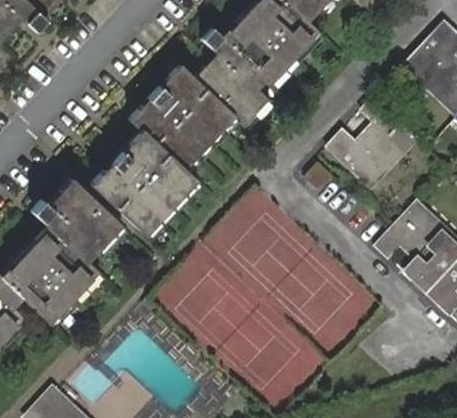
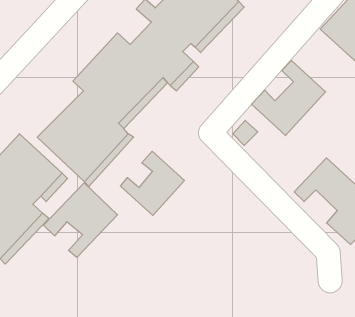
building: none -> [120,151,184,215]
building: none -> [43,183,118,257]

